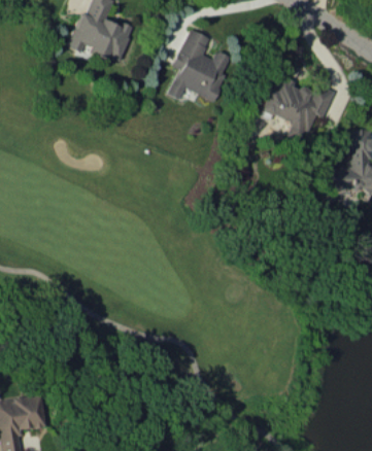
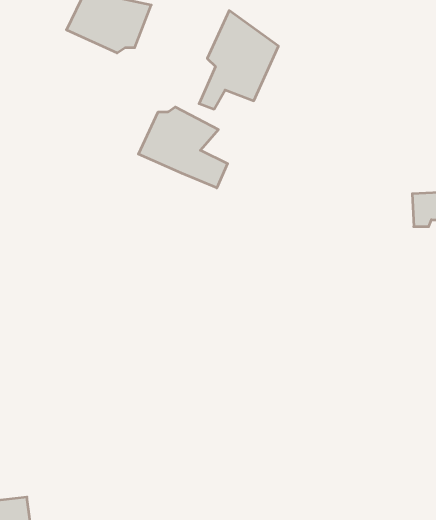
building: [262,73,336,142] -> none
building: none -> [138,107,228,188]

